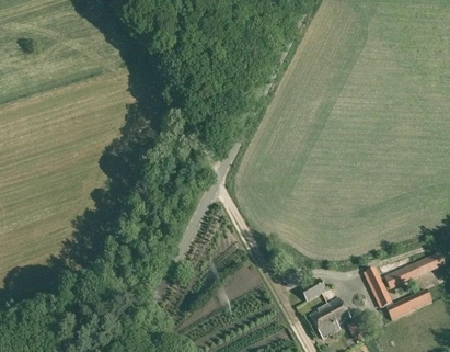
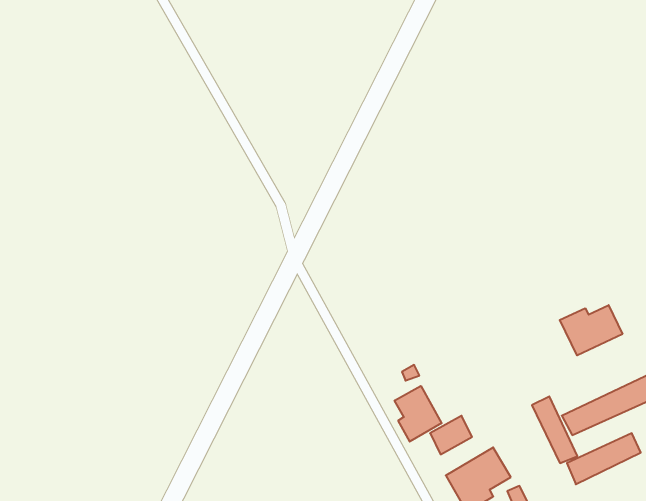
building: none -> [560,305,622,355]
building: none -> [395,386,442,442]

